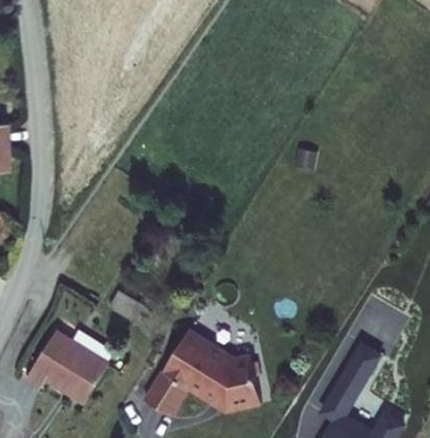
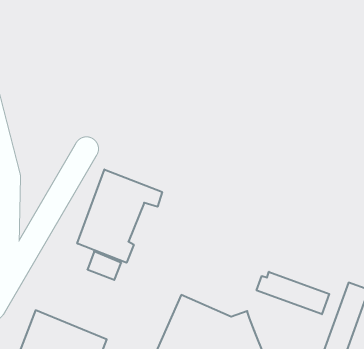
building: none -> [77,169,162,263]
building: none -> [257,272,329,314]

